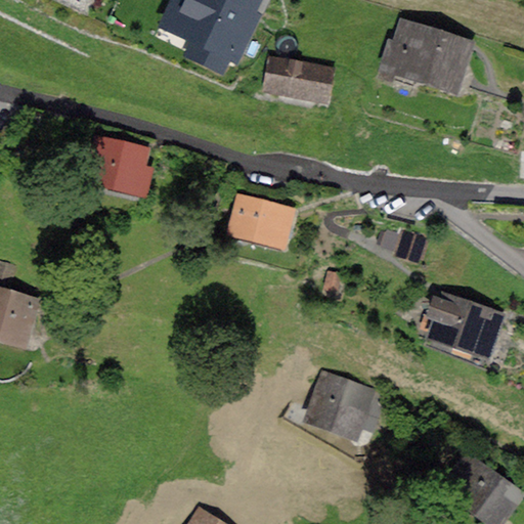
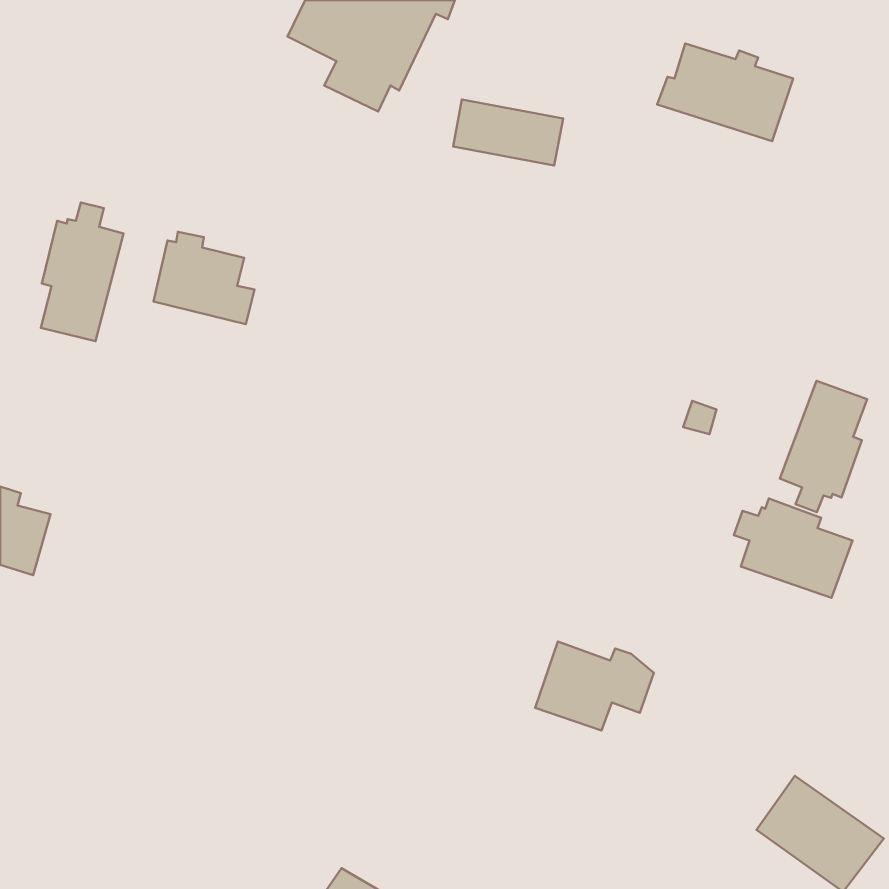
building: none -> [41,202,123,341]
building: [236,199,292,243] -> none
building: none -> [780,381,867,512]

